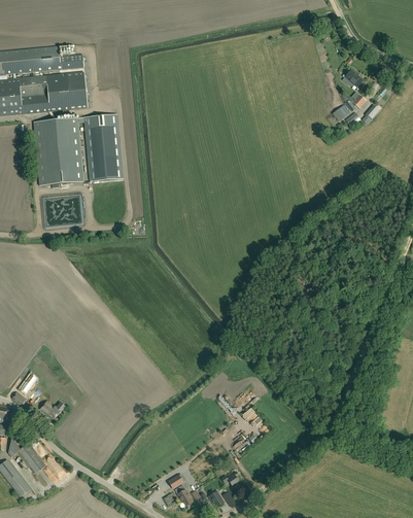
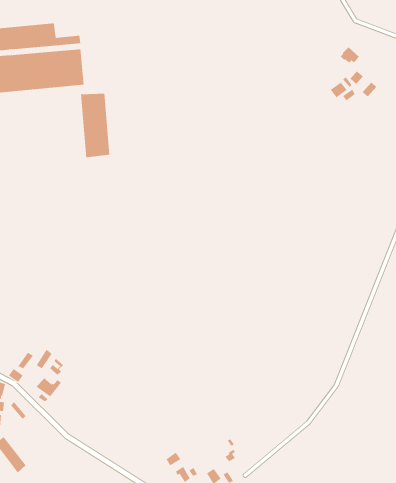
building: [34,117,83,184] -> none
building: [8,437,45,472] -> none

